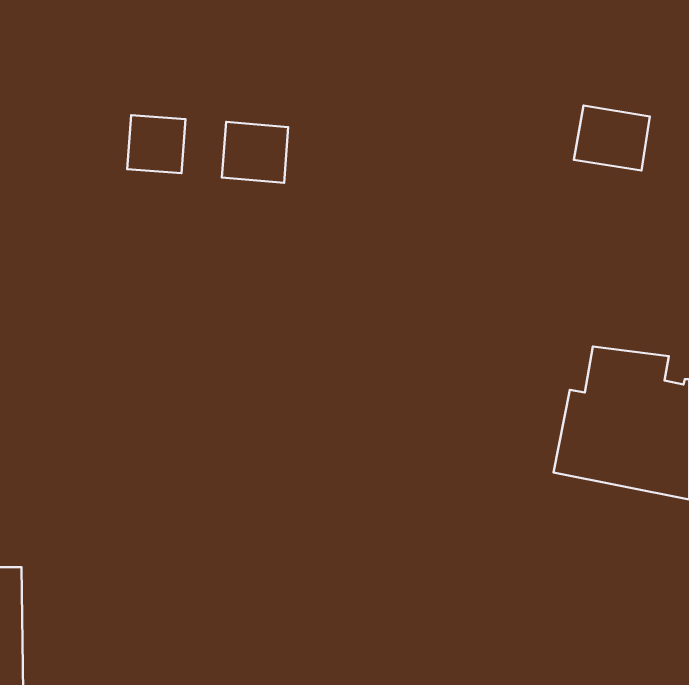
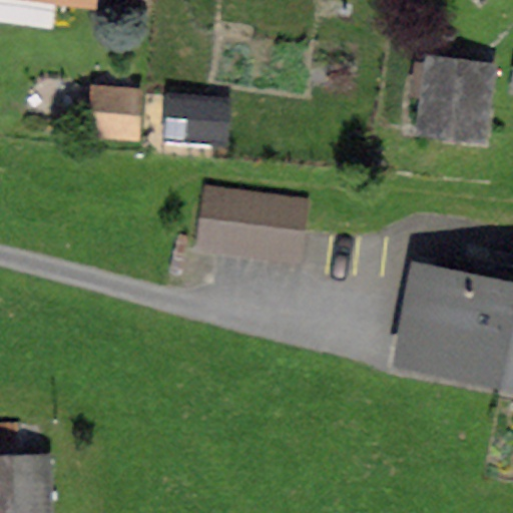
building: none -> [216,188,308,264]

